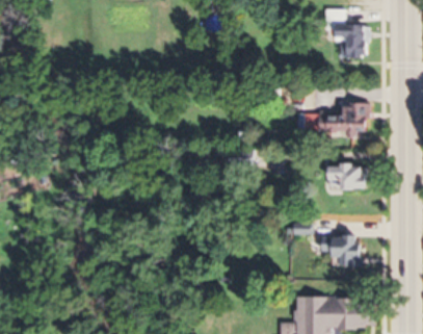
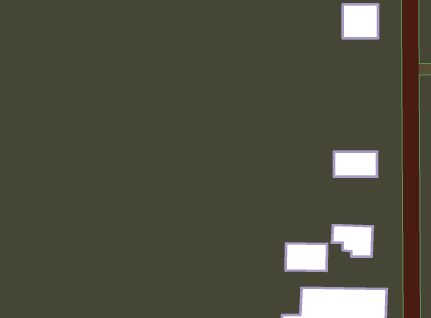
building: [299,108,367,135] -> none
building: none -> [286,243,327,271]

